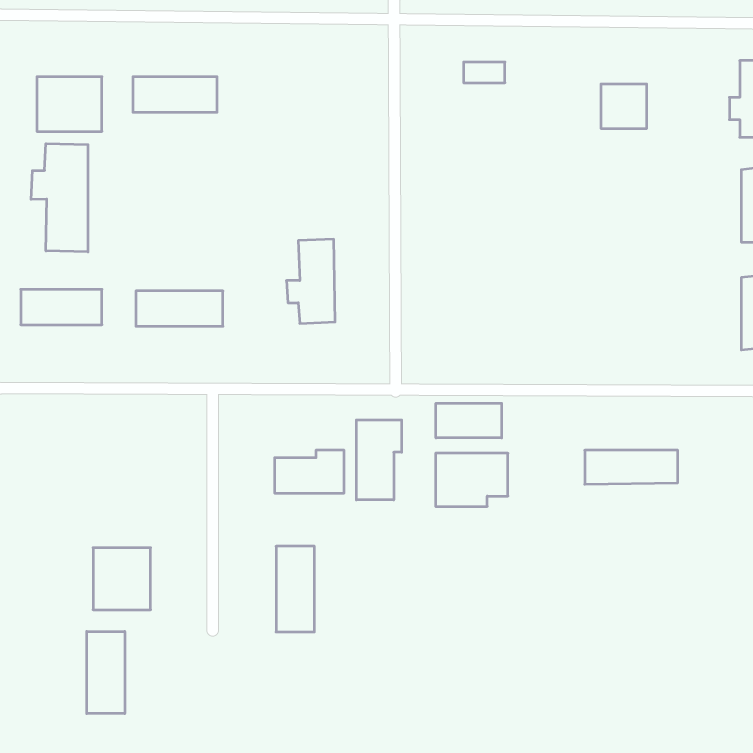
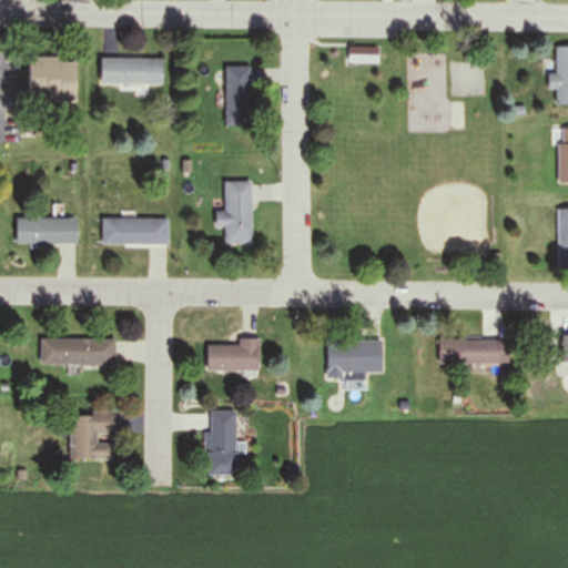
building: none -> [226,65,253,123]
building: [31,144,88,252] -> none
building: [436,403,502,438] -> none
building: [356,420,402,500] -> none
building: none -> [41,338,116,365]
building: [87,631,125,714] -> none

